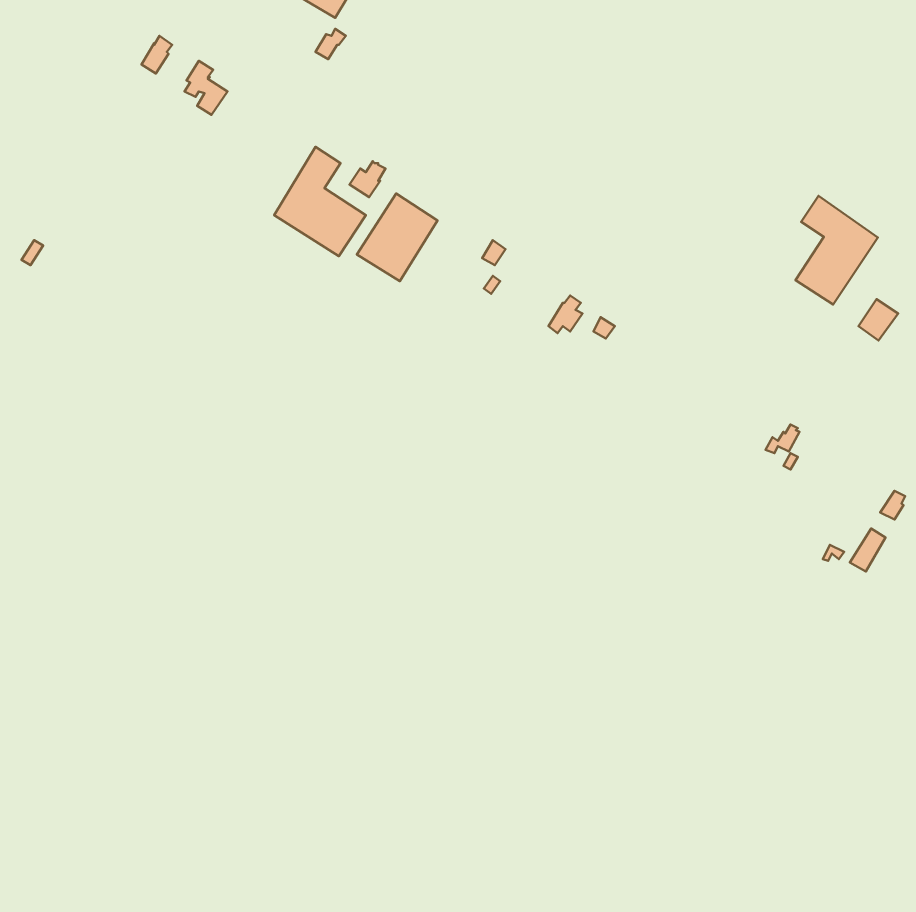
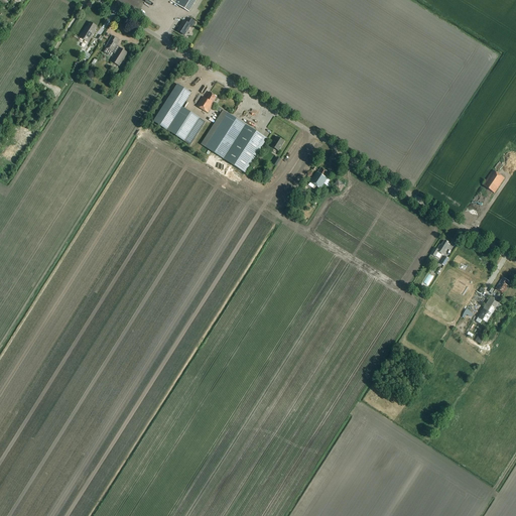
building: [796,196,878,305] -> none
building: none -> [225,124,268,171]

